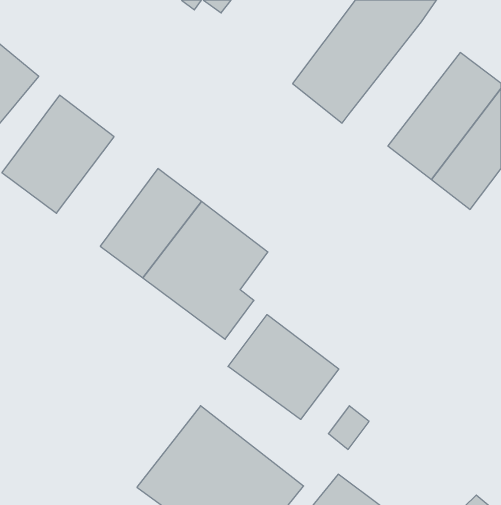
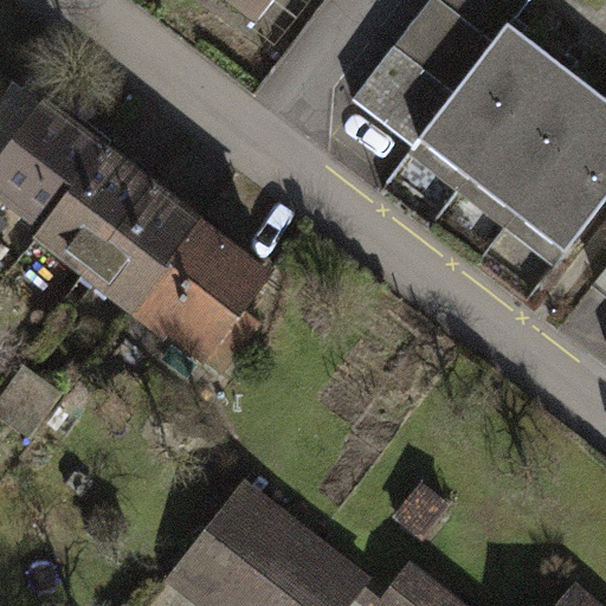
building: none -> [415,28,549,176]
building: none -> [67,166,188,296]
building: [228,315,339,419] -> none

